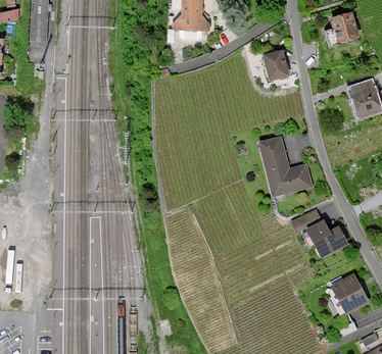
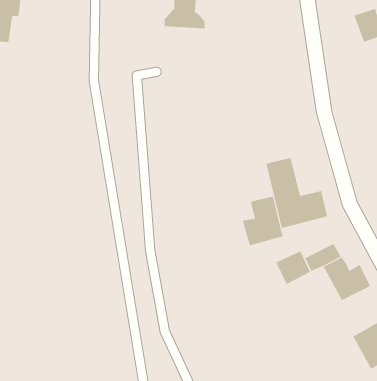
building: [264,51,287,80] -> none
building: none -> [242,196,283,246]
building: none -> [275,251,311,285]

